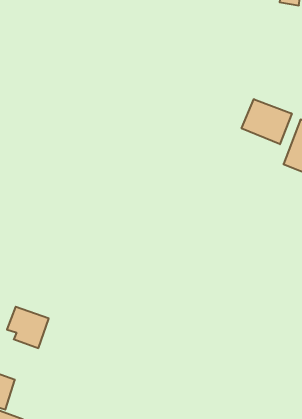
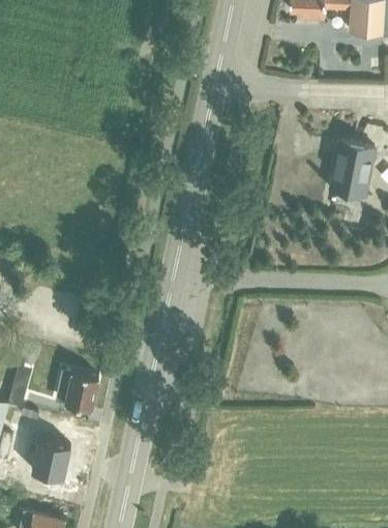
building: [242,99,292,144] -> none

